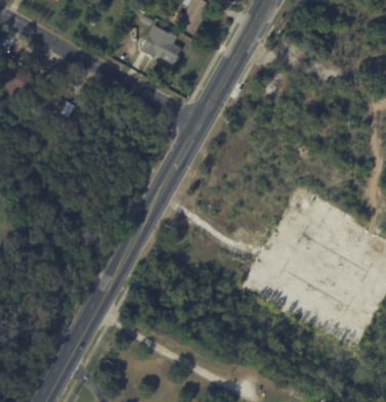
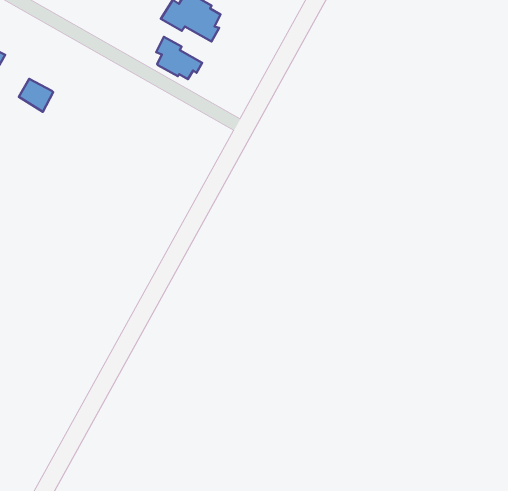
building: none -> [156,37,202,79]

